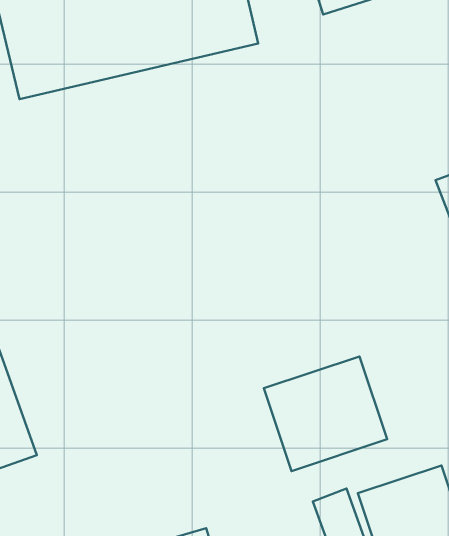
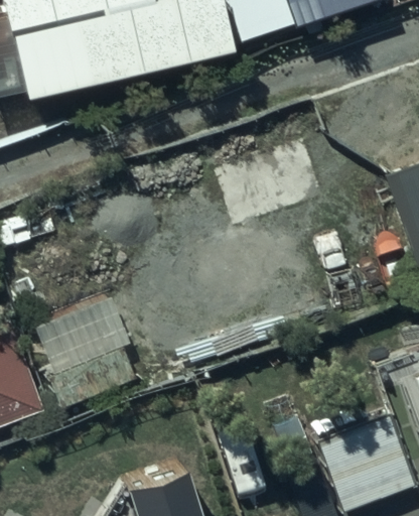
building: [264,356,387,471] -> none

